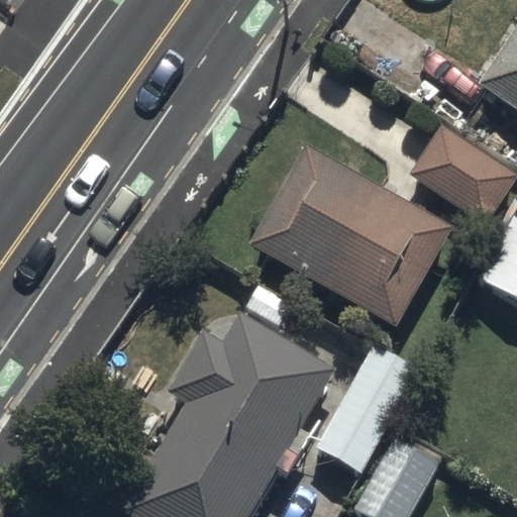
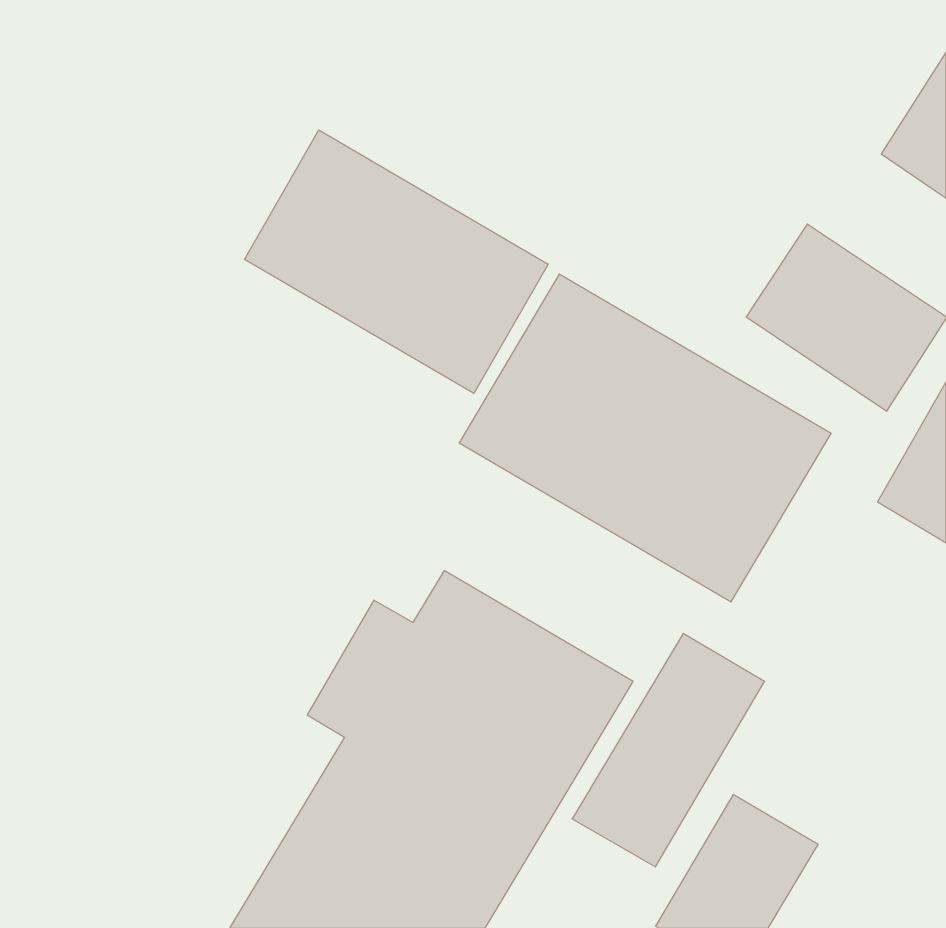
building: none -> [244,130,548,394]

